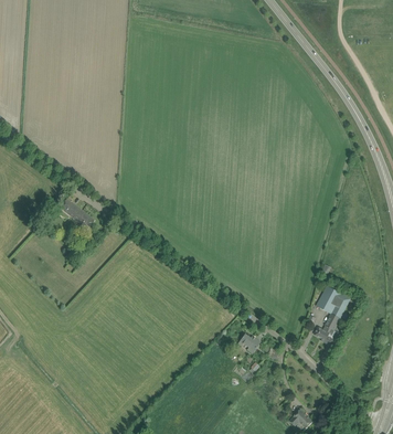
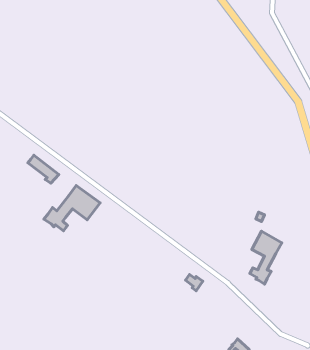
building: none -> [44,185,100,231]

